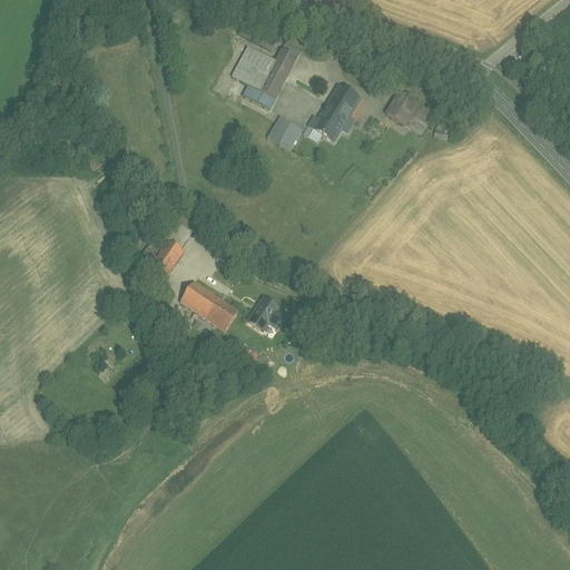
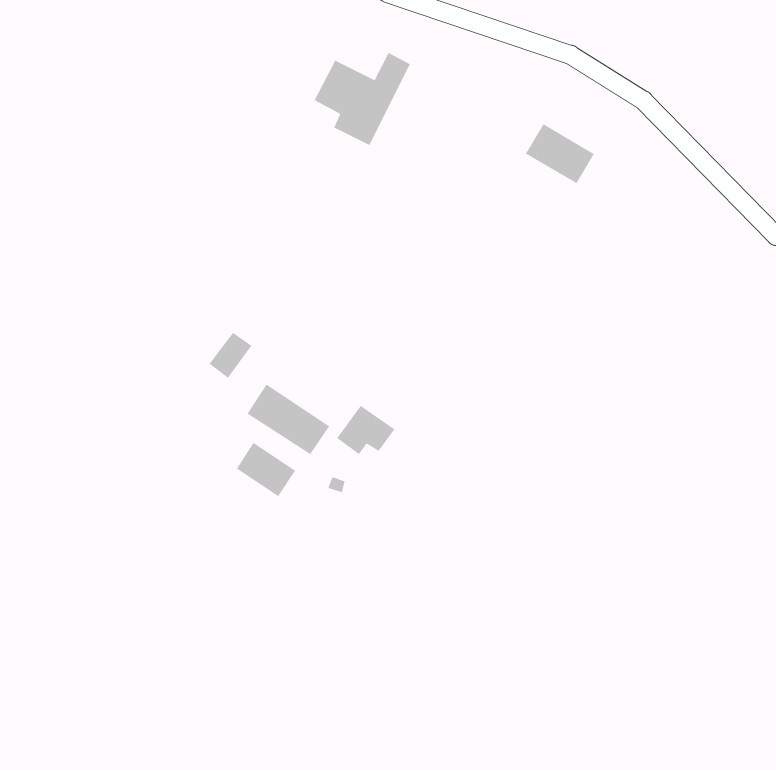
building: [306,81,362,140] -> none
building: [266,115,302,148] -> none
building: none -> [236,442,296,497]

